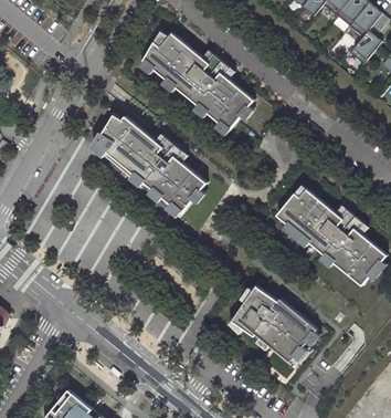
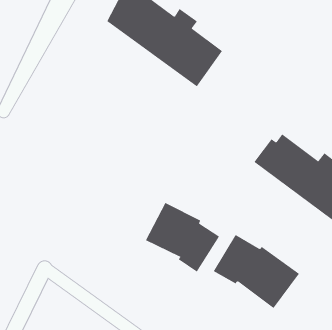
building: [93,112,207,217] -> none
building: none -> [145,202,220,272]

